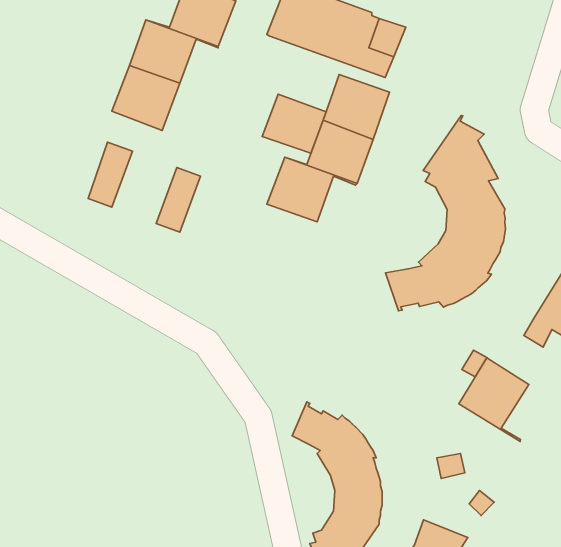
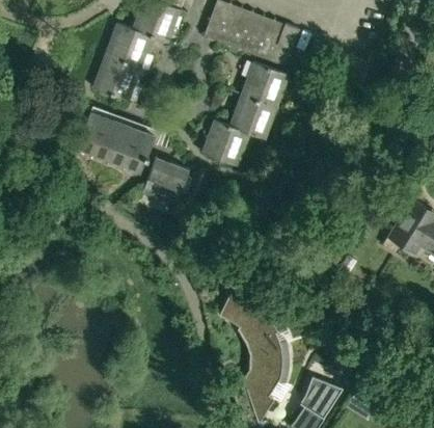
building: [262,94,326,153] -> none
building: [385,115,506,311] -> none
building: none -> [93,116,139,167]
building: none -> [143,157,189,205]
building: [459,358,529,441] -> none

